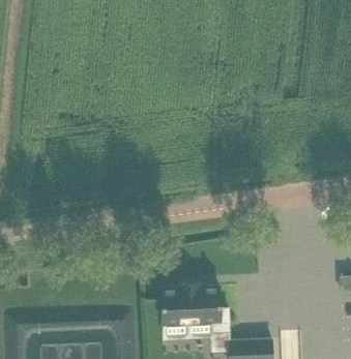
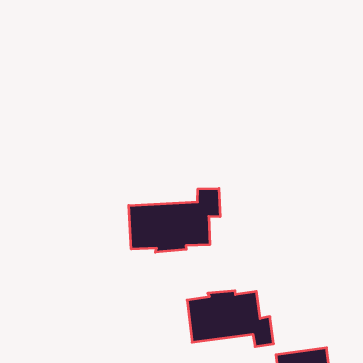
building: none -> [129,188,220,252]

